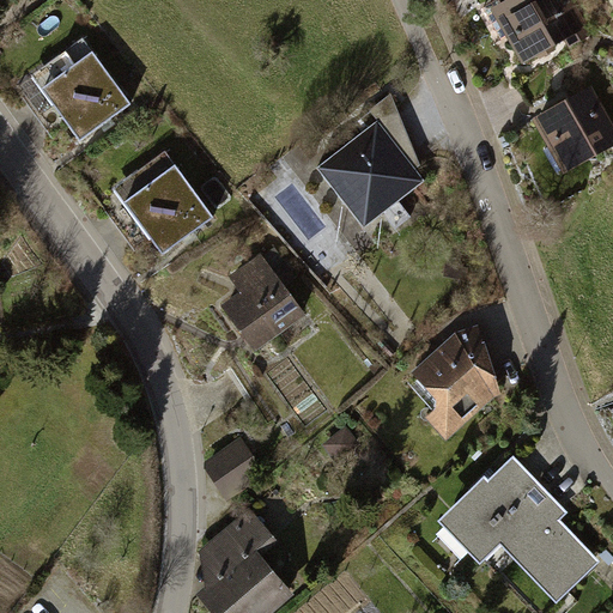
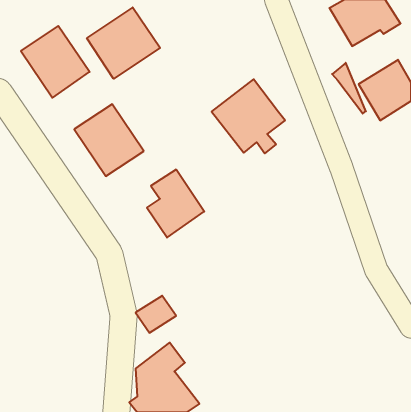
building: none -> [87,7,160,79]
building: [368,91,418,166] -> [332,63,366,114]
building: [409,322,499,438] -> none
building: [435,453,599,602] -> none

